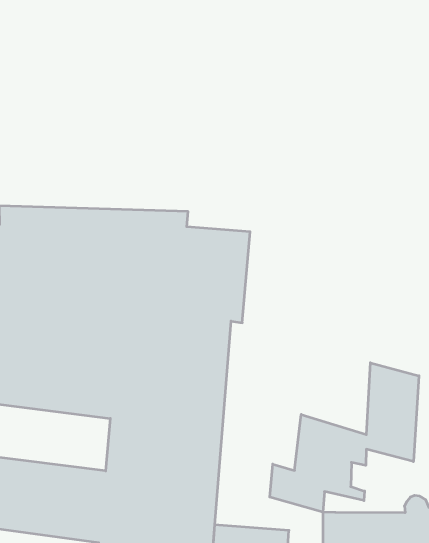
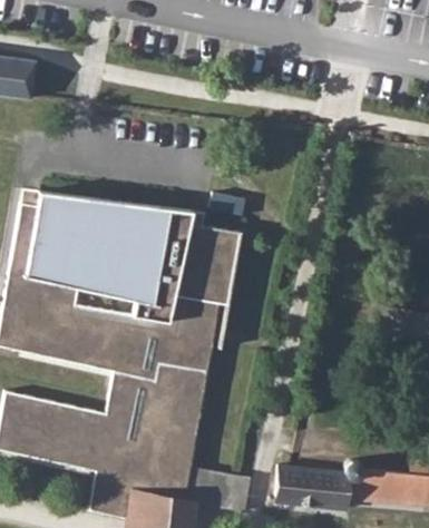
building: [270,363,419,512] -> none

